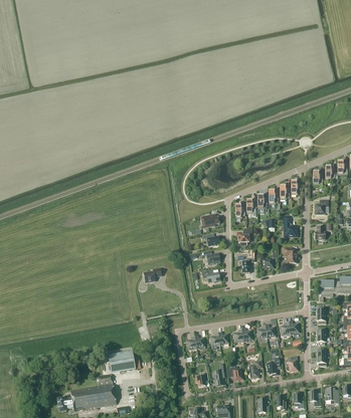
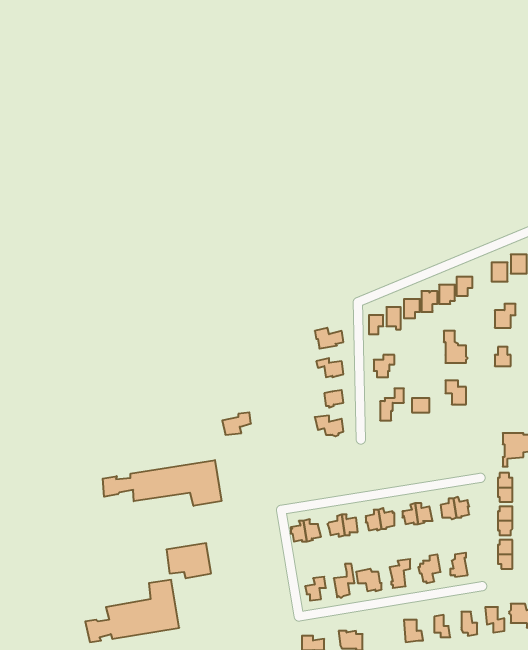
building: none -> [103,460,221,506]

